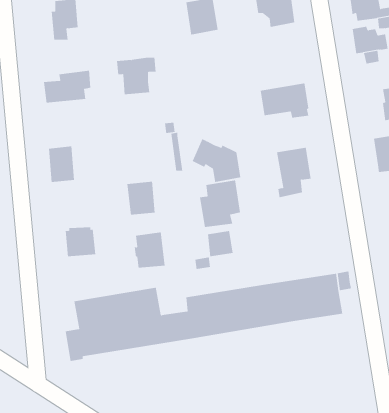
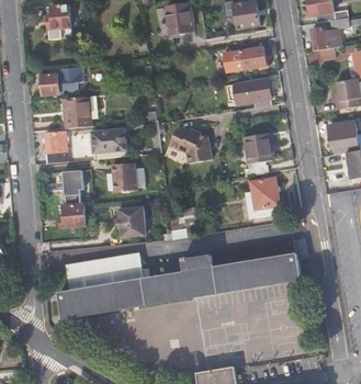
building: none -> [222,47,266,74]
building: [116,57,157,95] -> [61,95,97,128]
building: none -> [92,131,126,159]
building: [199,180,241,228] -> [244,177,280,218]
building: none -> [59,170,83,203]

